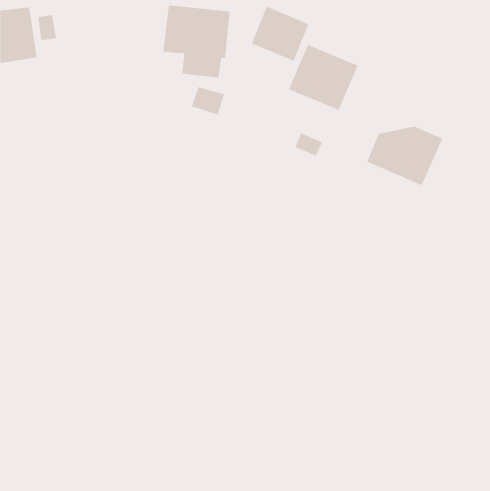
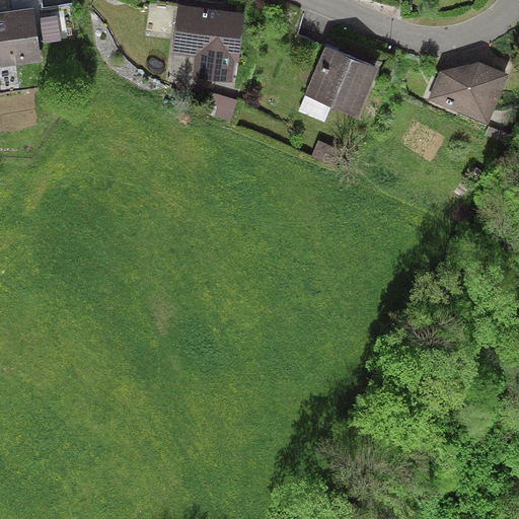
building: [251,6,309,62] -> none
building: [366,126,443,186] -> [428,62,509,125]

